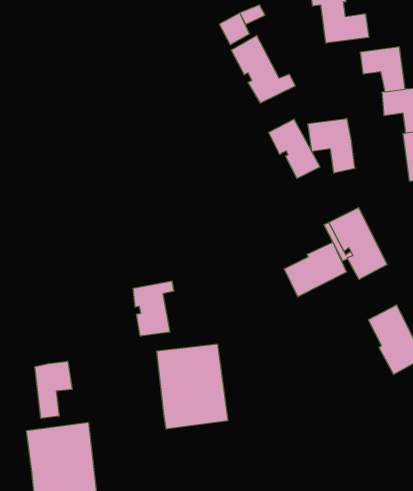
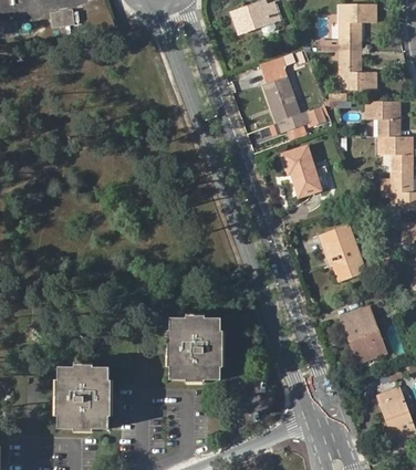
building: [308,118,355,173] -> none
building: [284,242,346,297] -> none
building: [133,281,174,336] -> none
building: [35,361,72,418] -> none

